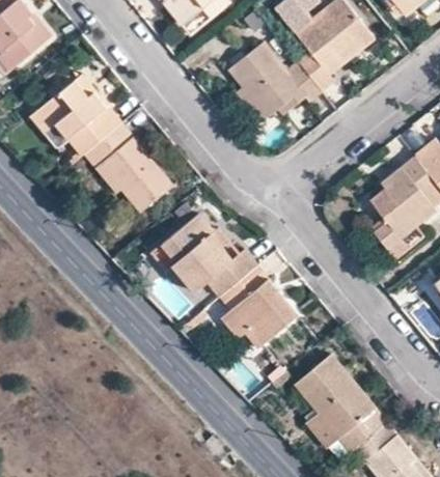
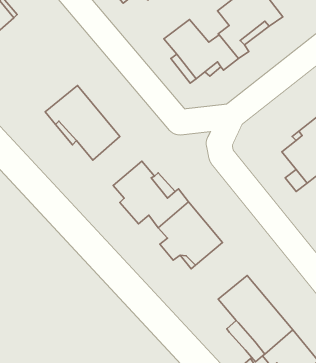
building: [34,82,121,156] -> none

